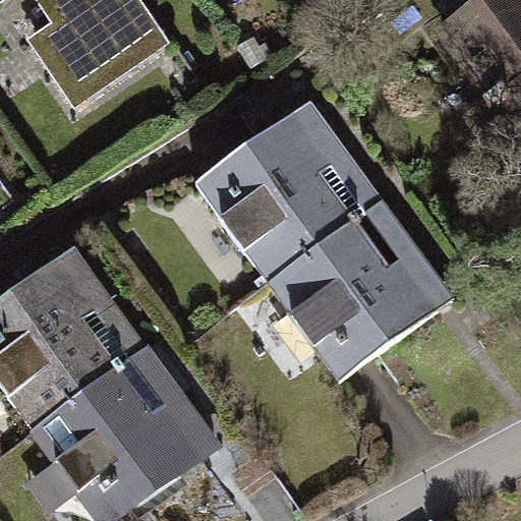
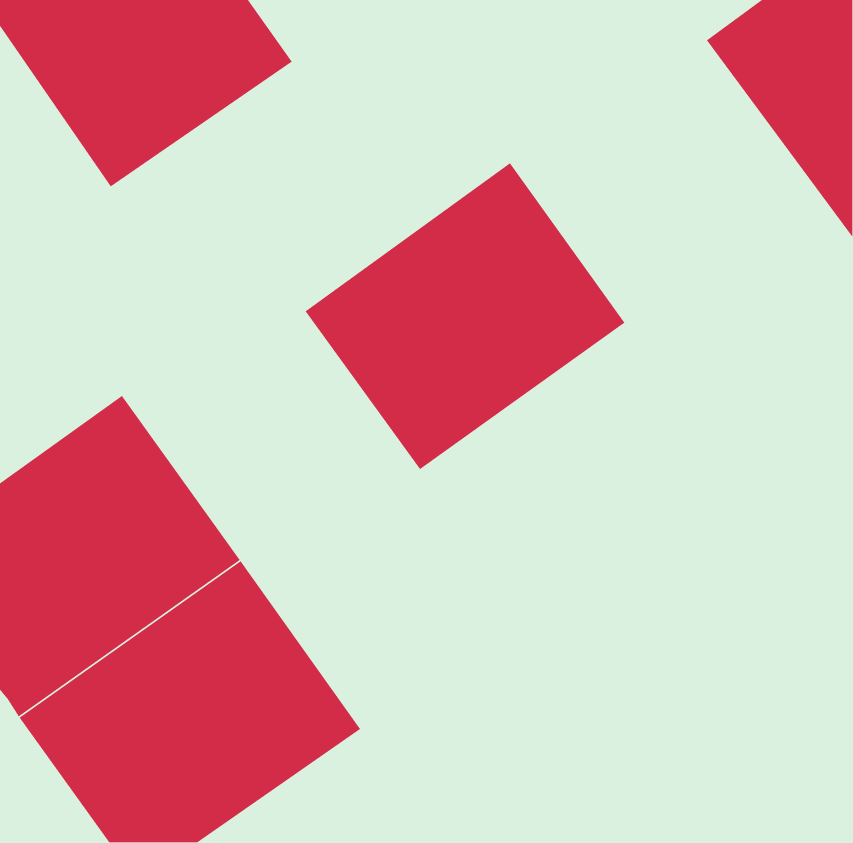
building: [255,196,454,388] -> none

